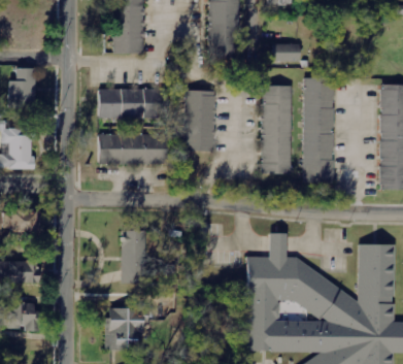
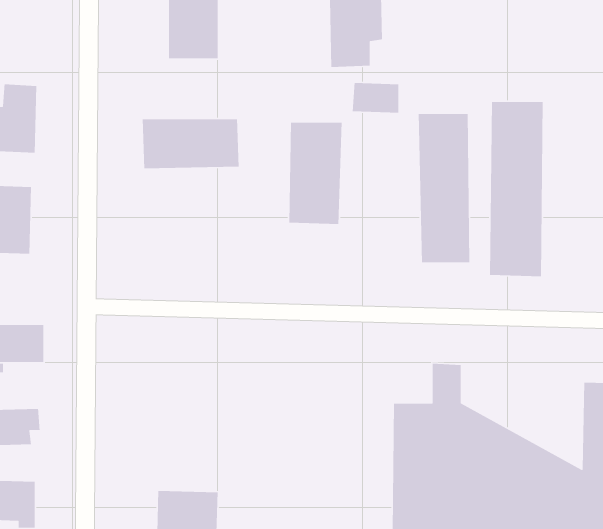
building: [272,43,300,62] -> [352,82,399,113]
building: [97,132,164,165] -> none
building: [122,231,146,282] -> none

